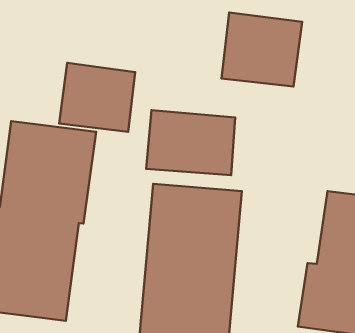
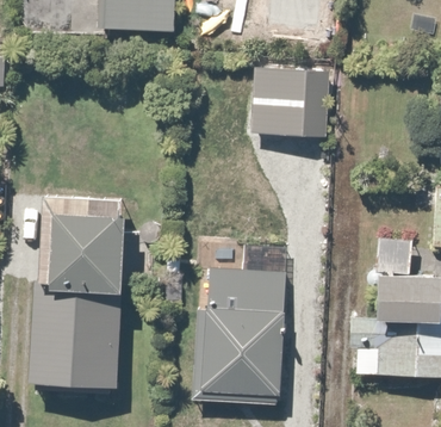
building: [59,63,135,132] -> none
building: [146,110,235,175] -> none

